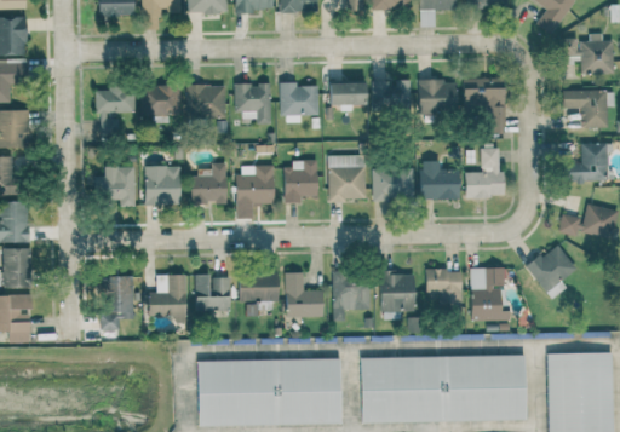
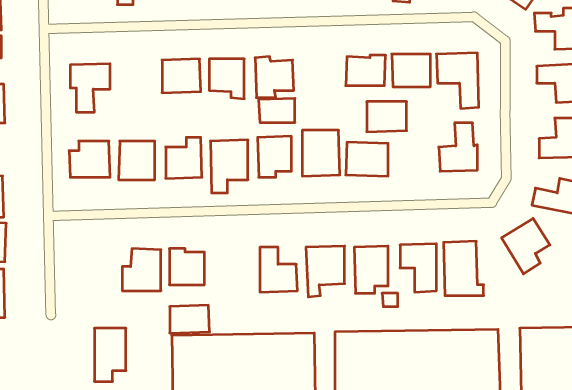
building: [328,81,364,105] -> [259,98,295,122]
building: [140,85,180,116] -> none
building: [420,168,460,198] -> [367,102,407,132]
building: [239,273,279,301] -> [170,305,210,333]
building: [102,276,133,329] -> [94,328,126,381]

